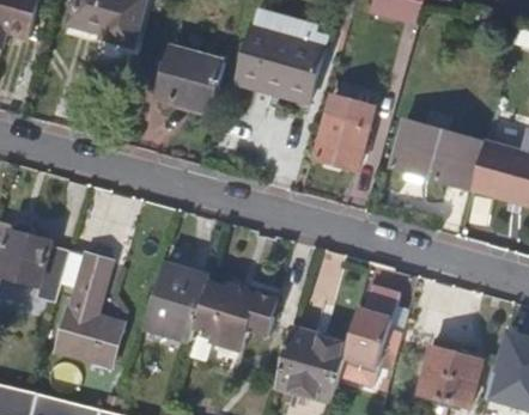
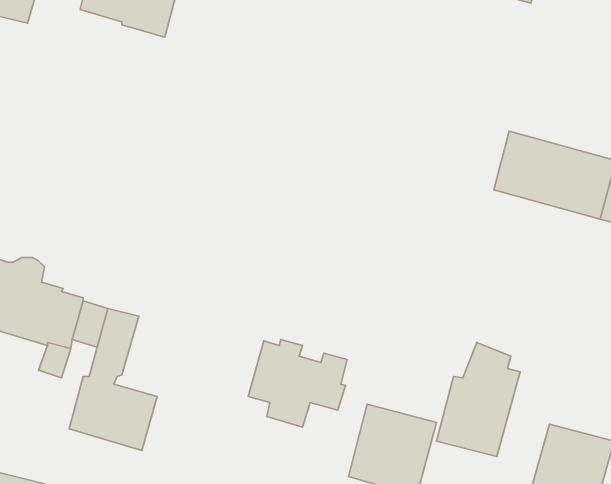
building: [233,24,324,104] -> none
building: [154,49,219,114] -> none
building: [314,92,372,167] -> none
building: [145,266,208,338] -> none

